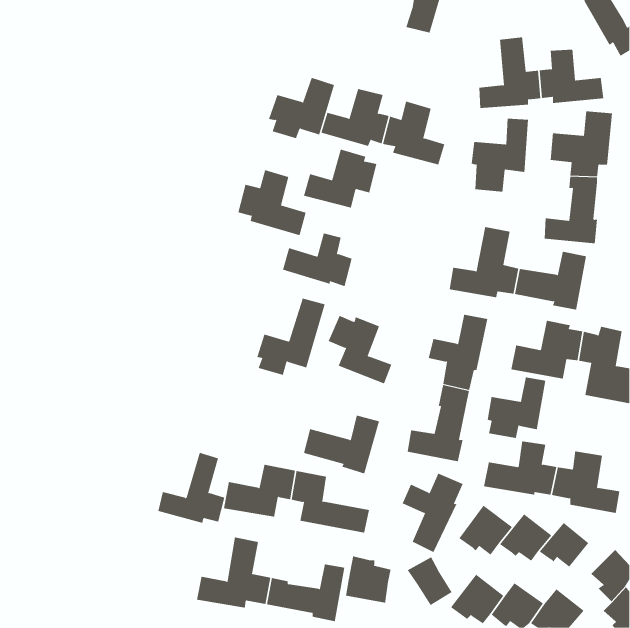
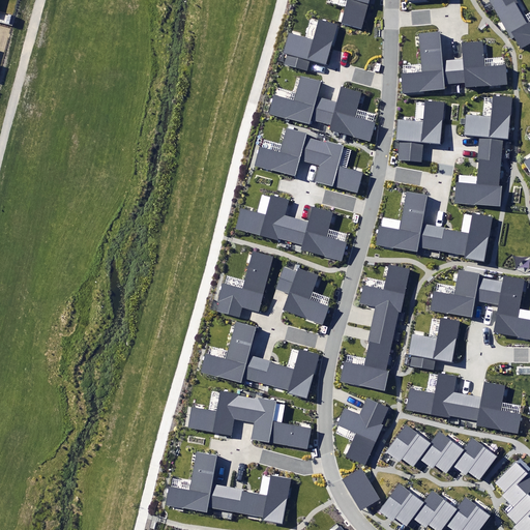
building: [268,77,335,139] -> [283,17,338,68]
building: none -> [311,138,362,190]
building: [237,169,306,236] -> [290,205,348,261]
building: [157,452,225,523] -> [203,322,260,382]
building: [346,556,391,603] -> none

